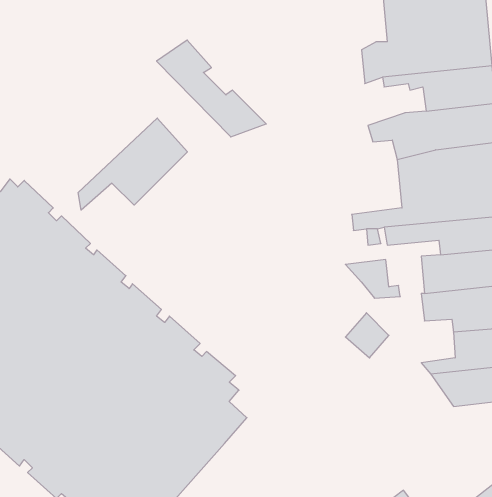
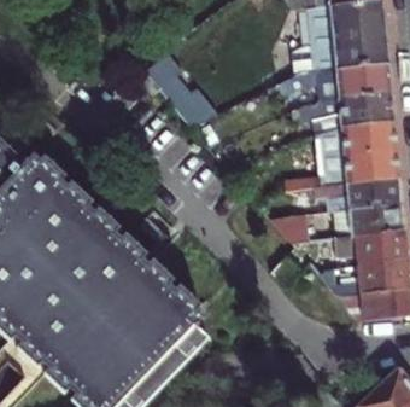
building: [78,118,187,210] -> none

